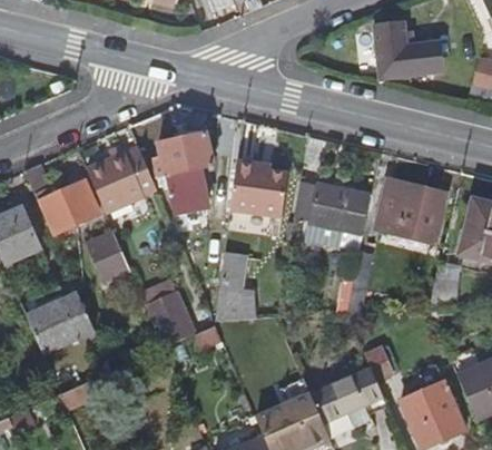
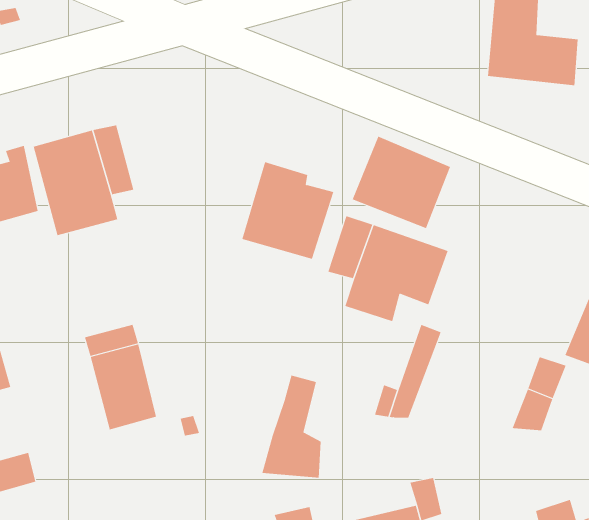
building: [158,133,214,216] -> none
building: [377,180,440,237] -> [352,136,451,229]
building: [86,228,127,278] -> none
building: [216,252,255,320] -> [261,375,321,478]

